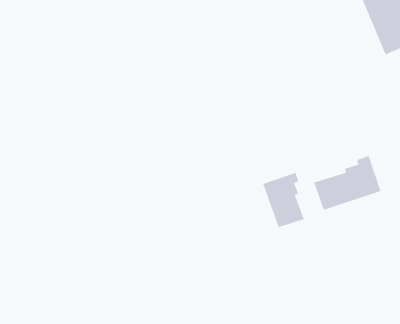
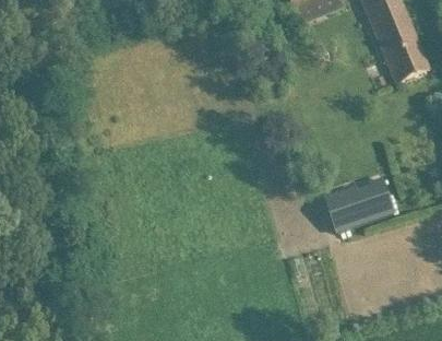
building: [262,172,305,228] -> none

